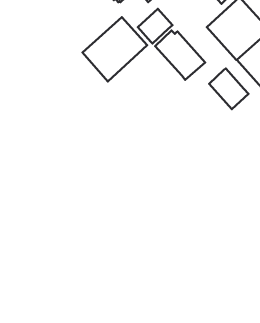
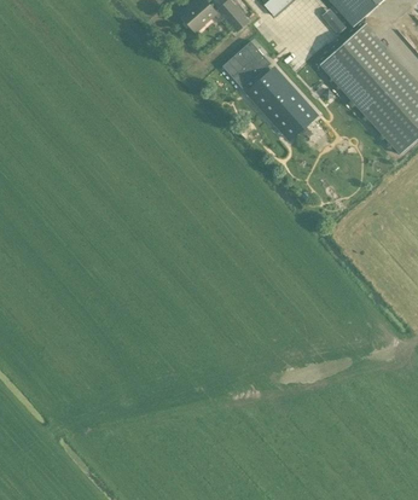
building: [82,17,147,81] -> none
building: [209,68,249,109] -> none

